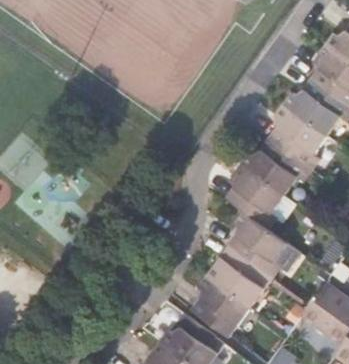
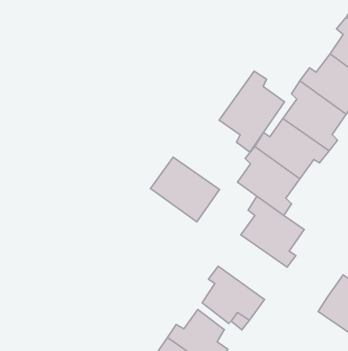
building: none -> [219,71,284,152]
building: [208,247,272,307] -> [151,157,219,222]

